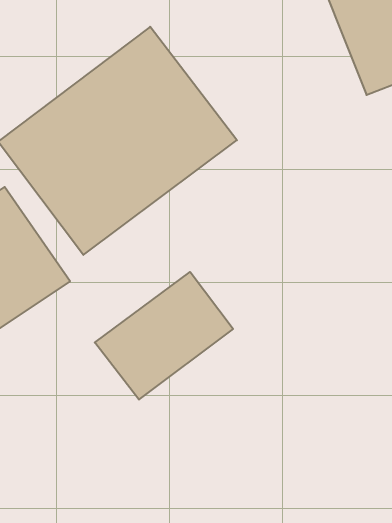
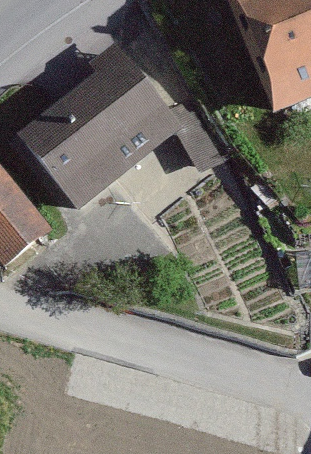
building: [95,272,233,400] -> none

